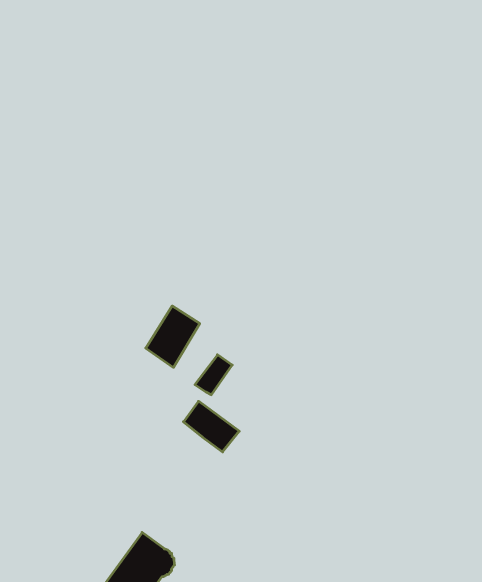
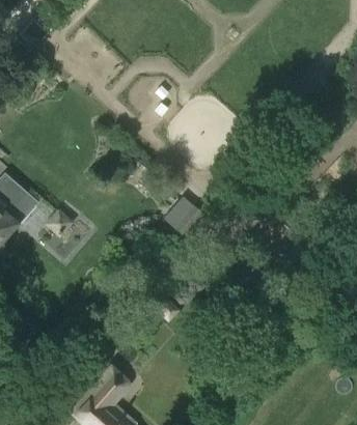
building: [146,306,200,367] -> [174,203,209,240]

